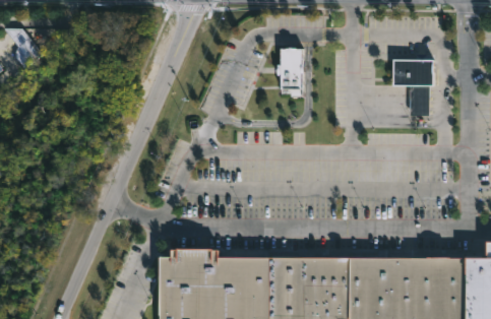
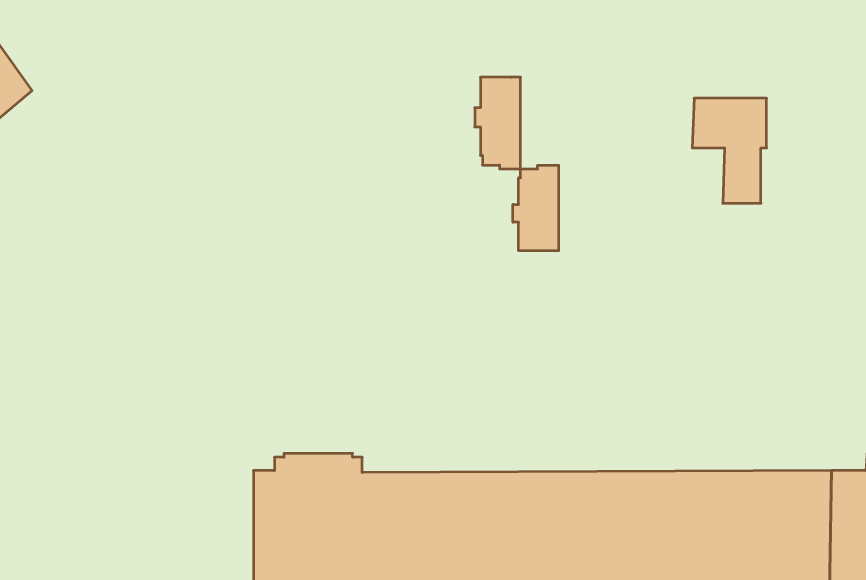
building: none -> [513,165,559,251]

